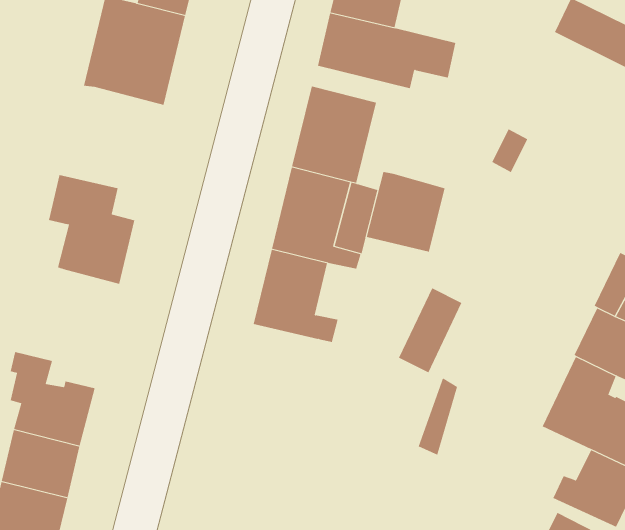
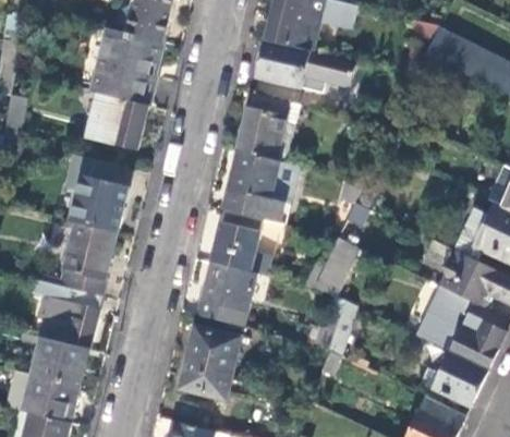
building: none -> [84,94,146,150]
building: [366,171,445,252] -> none
building: none -> [58,223,114,298]
building: none -> [196,263,256,327]
building: none -> [178,326,239,401]

